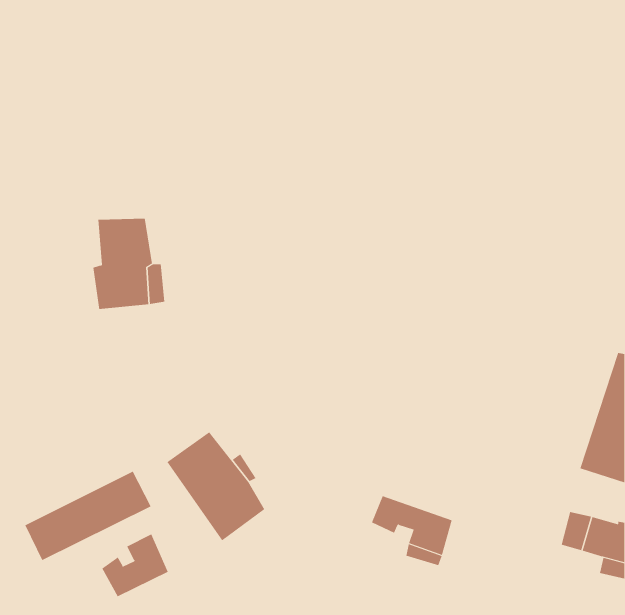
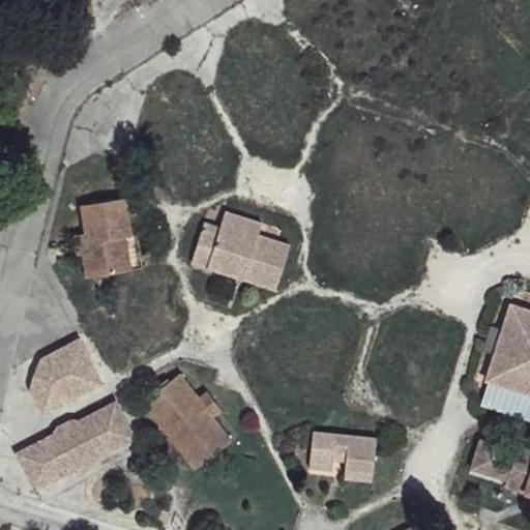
building: none -> [194,212,290,292]
building: none -> [32,340,94,404]
building: [102,534,168,597] -> none

